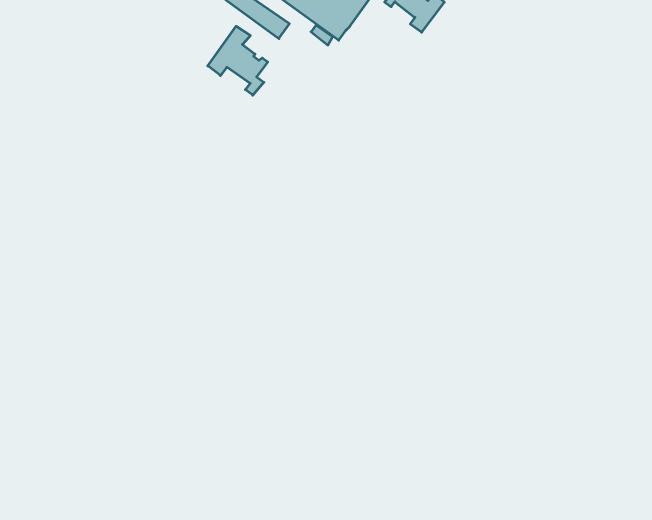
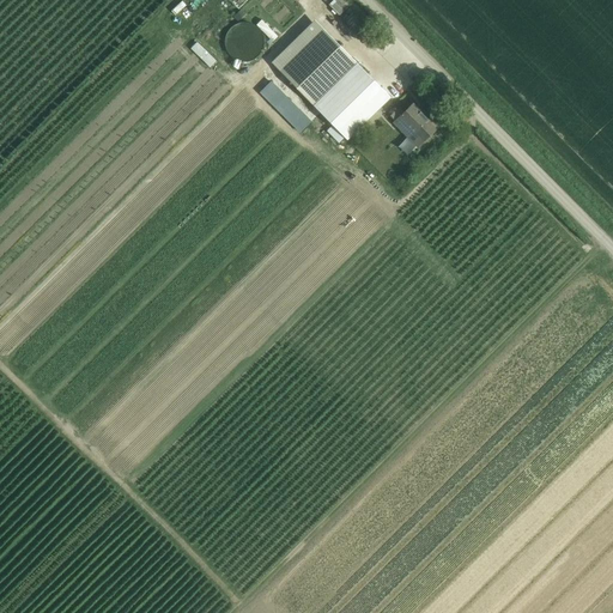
building: [208,26,268,95] -> none

